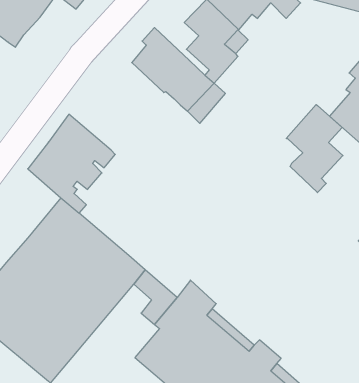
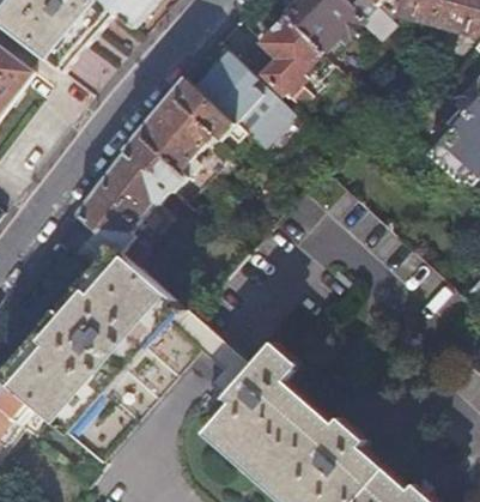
building: none -> [124,78,247,192]
building: [286,105,343,193] -> none

